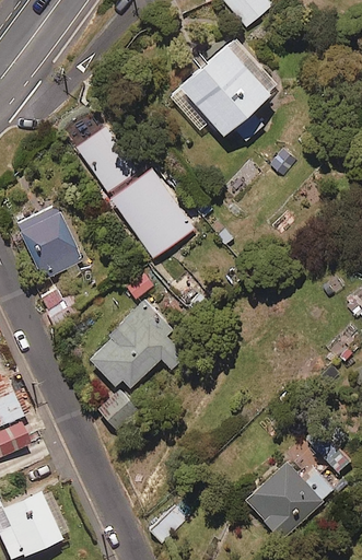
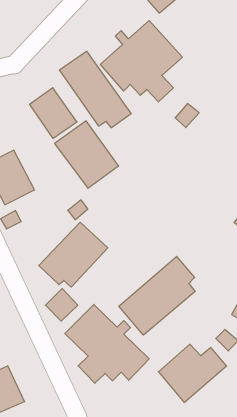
building: none -> [60,51,131,128]
building: none -> [119,256,195,335]
building: none -> [65,304,149,383]

